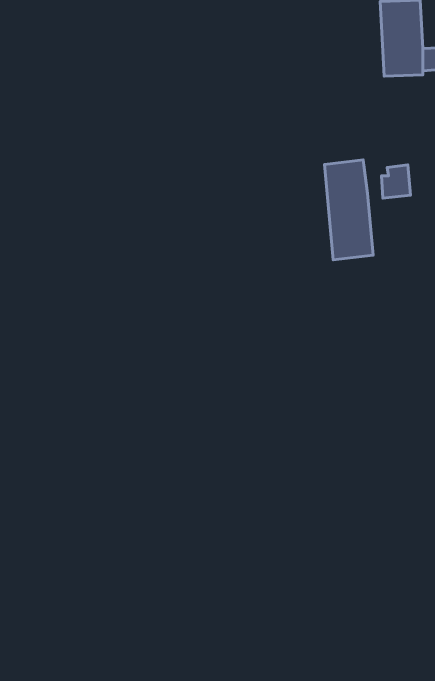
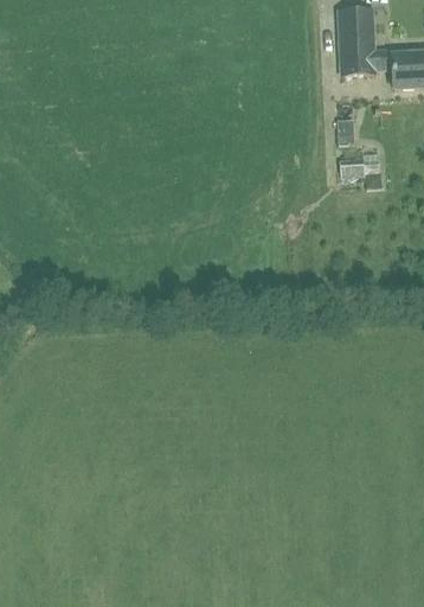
building: [324,160,373,260] -> none

